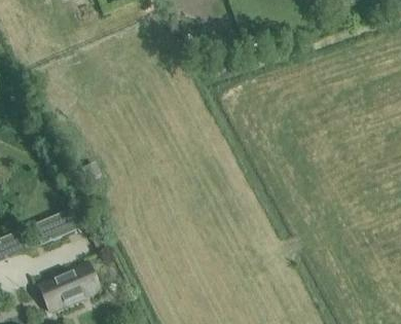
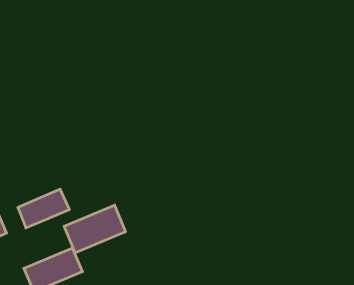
building: none -> [64,205,125,253]

